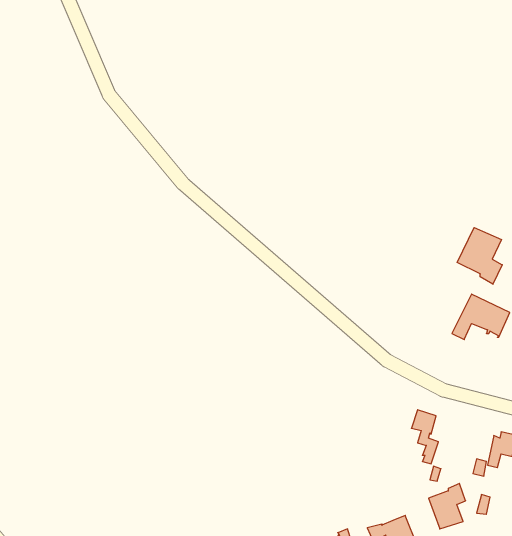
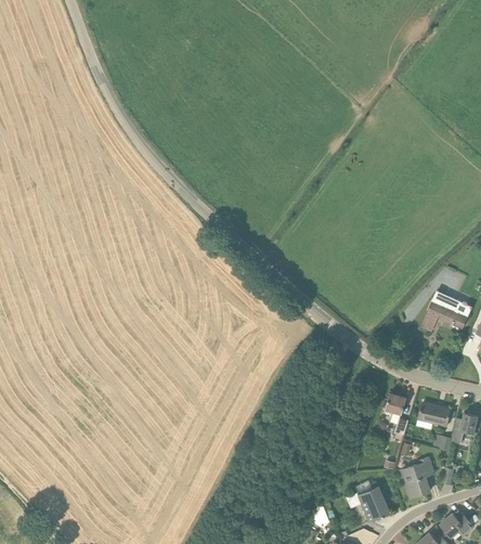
building: [457,228,502,284] -> none
building: none -> [417,402,450,426]

